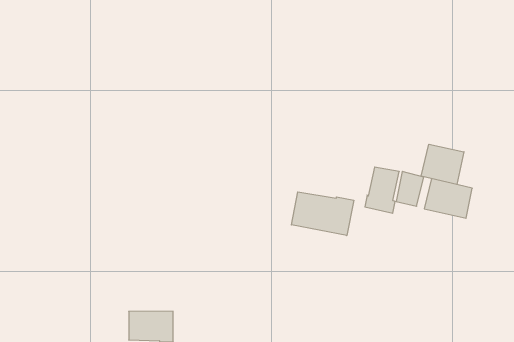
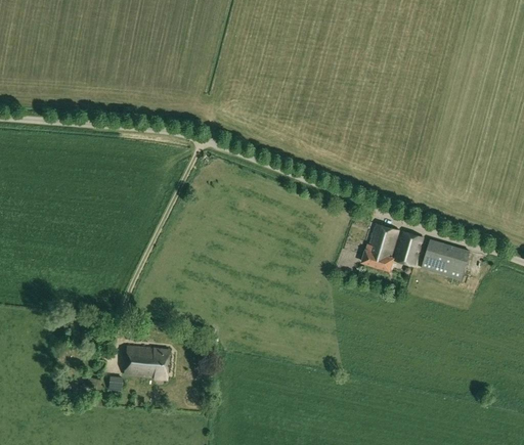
building: [421,144,464,184] -> none
building: [291,192,354,236] -> none

